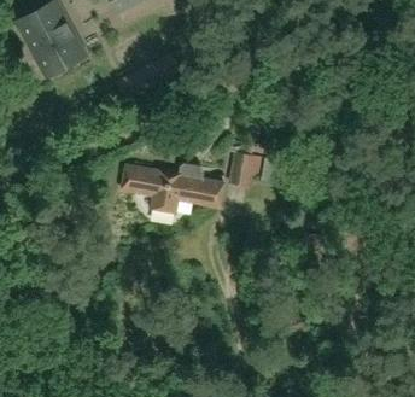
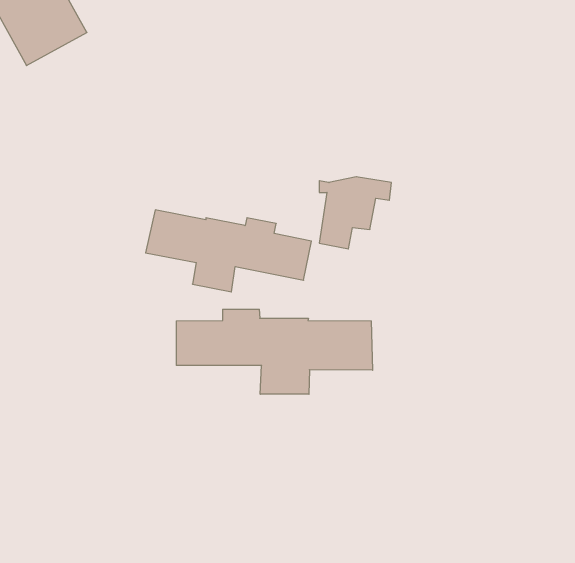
building: none -> [176,309,373,394]

